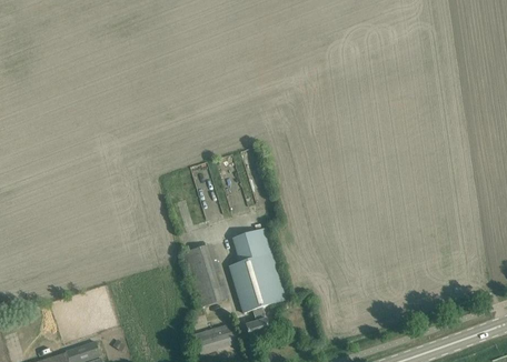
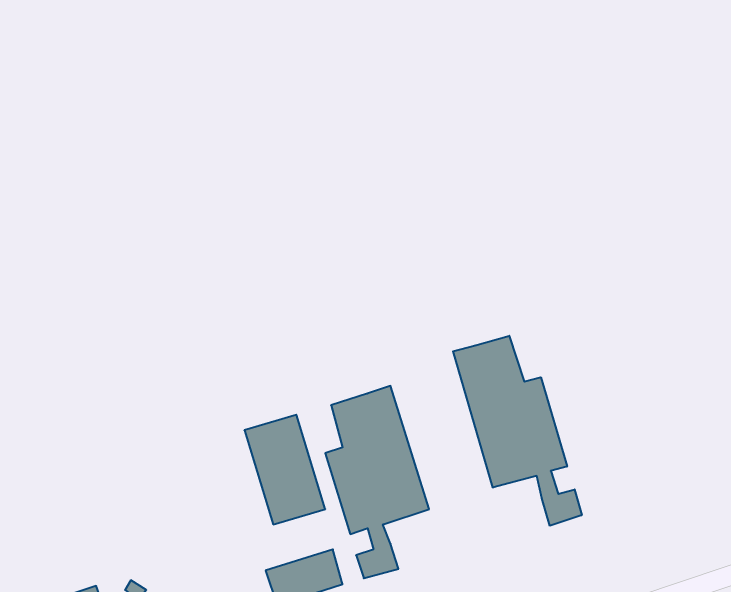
building: none -> [453,336,582,526]

